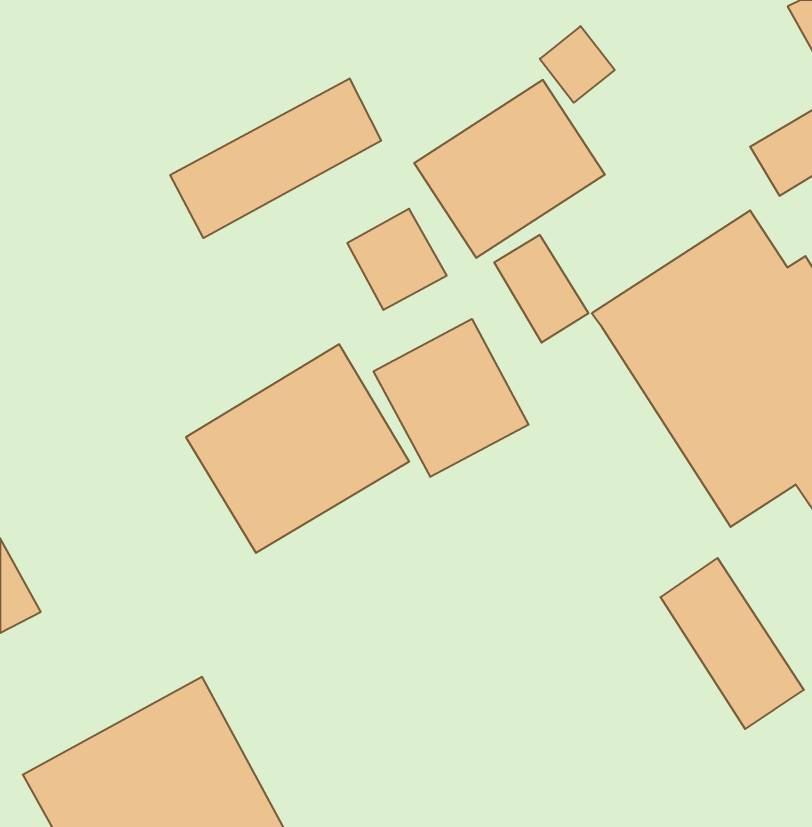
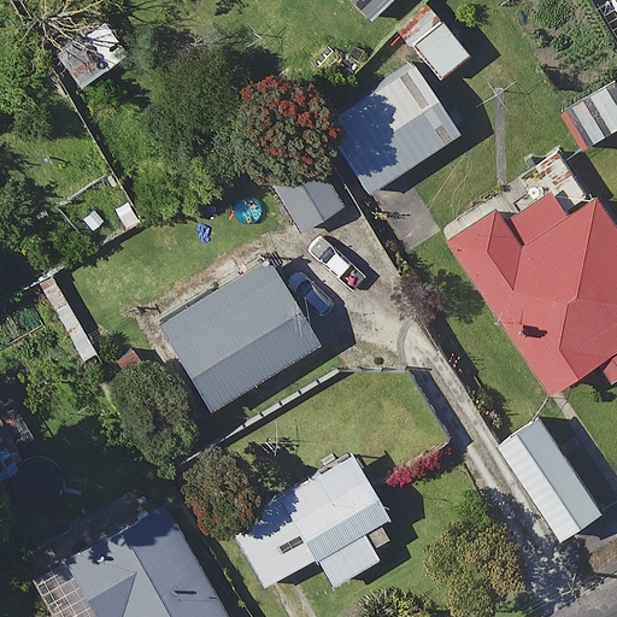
building: [170,78,381,238] -> none
building: [374,319,529,477] -> none
building: none -> [230,457,393,588]

